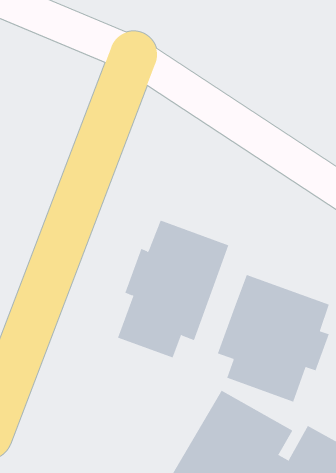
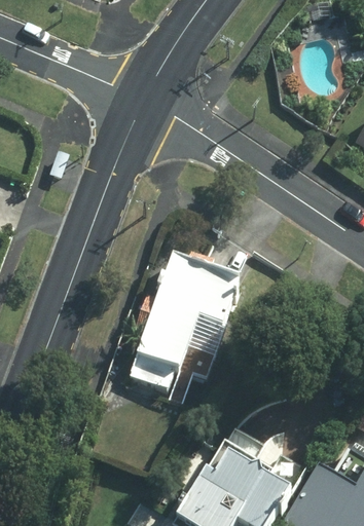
building: [217,274,329,403] -> none

